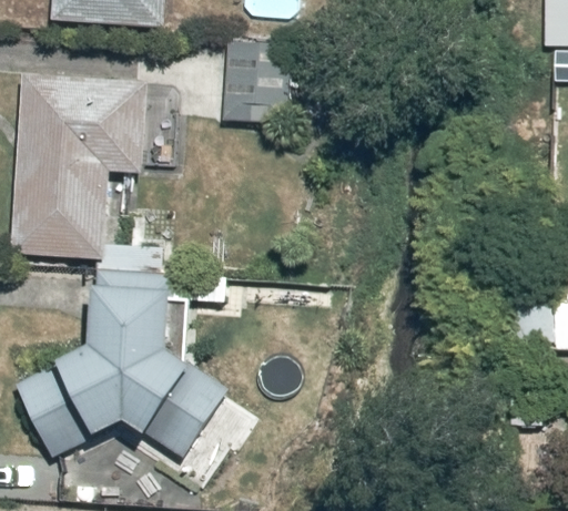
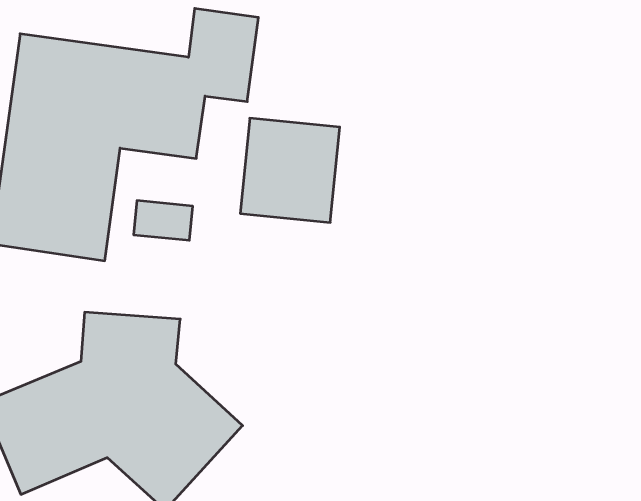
building: [220,42,293,120] -> [240,118,340,222]

